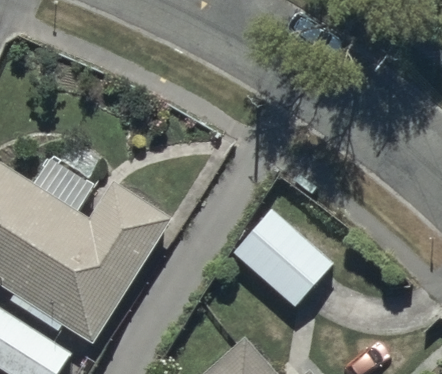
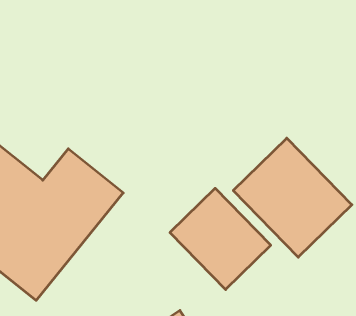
building: none -> [233,138,352,257]

